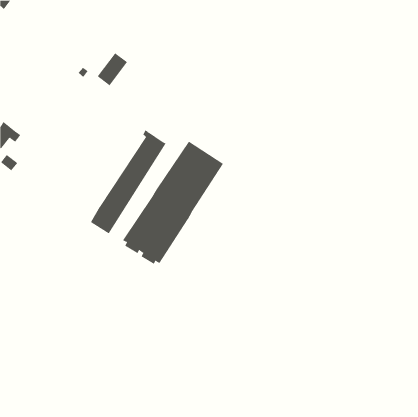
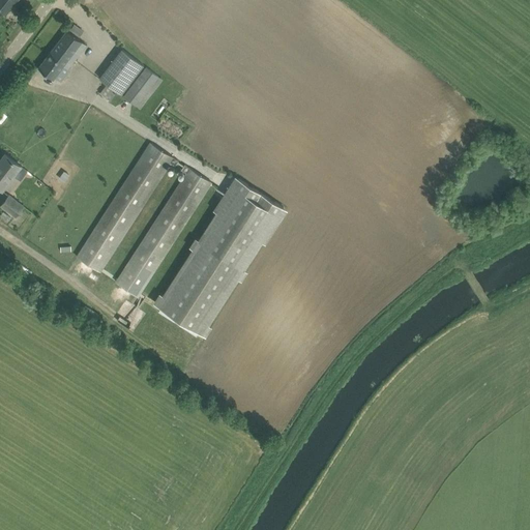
building: none -> [37,32,85,81]
building: none -> [98,51,143,96]
building: none -> [76,144,177,271]

